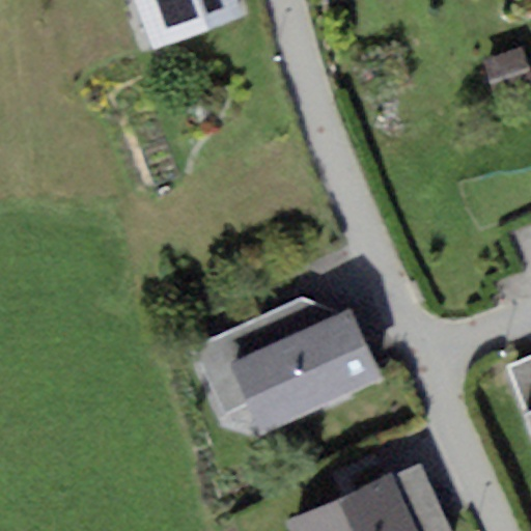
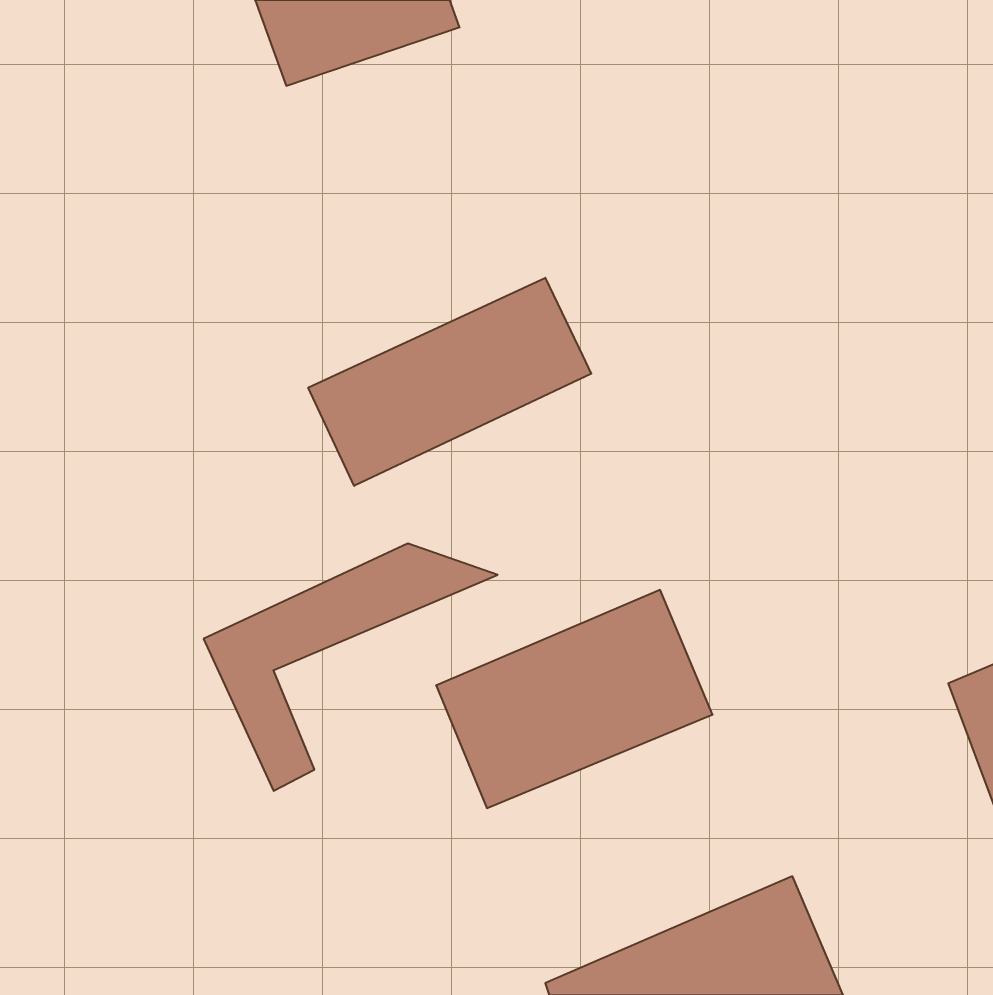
building: none -> [308,278,591,486]
building: [196,298,353,429] -> [204,544,498,791]

